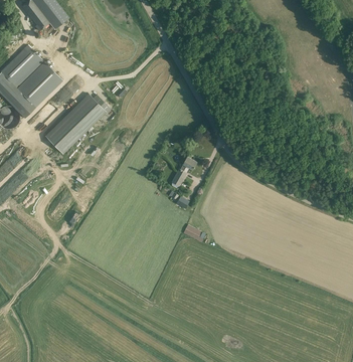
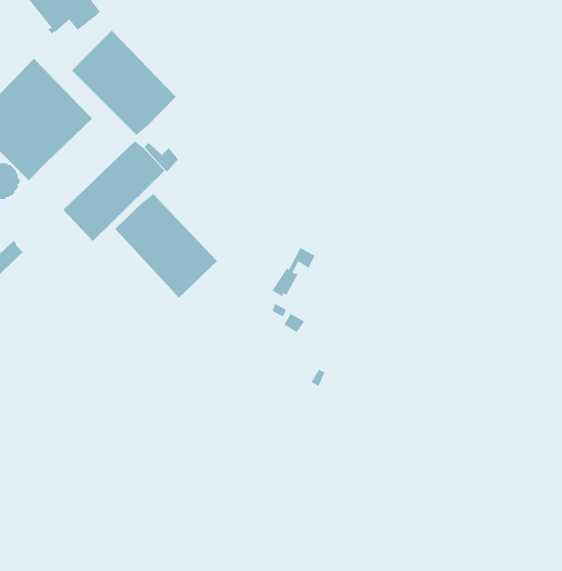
building: none -> [71,30,177,136]
building: none -> [115,193,218,299]

